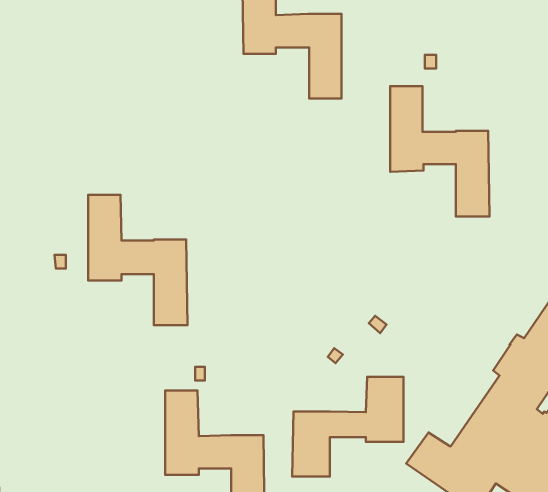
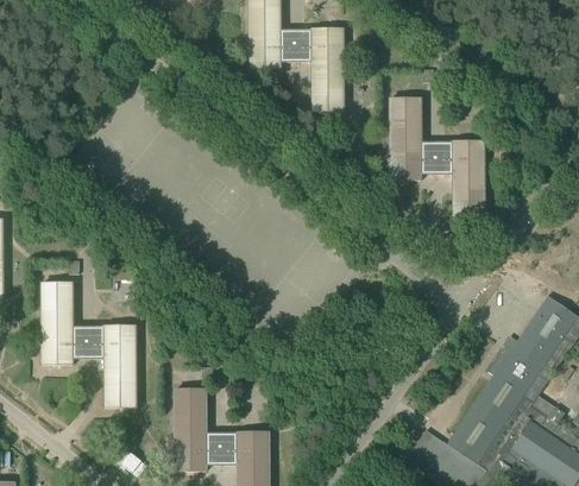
building: [88,195,187,325] -> [42,282,137,406]
building: [292,377,403,476] -> none

